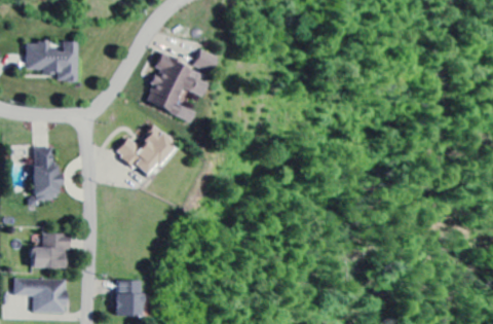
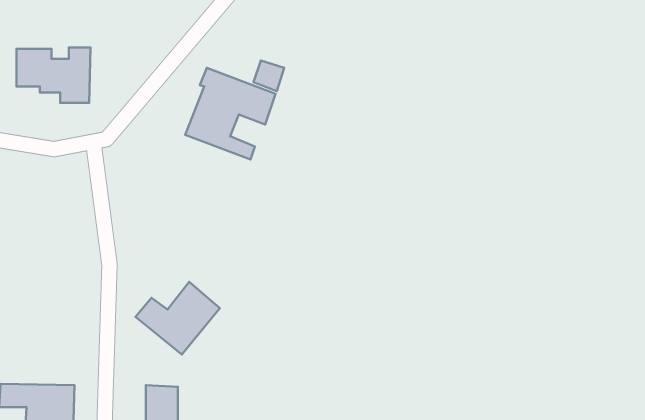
building: [116,127,176,178] -> [135,282,220,355]
building: [33,146,60,201] -> none
building: [32,233,70,268] -> none

